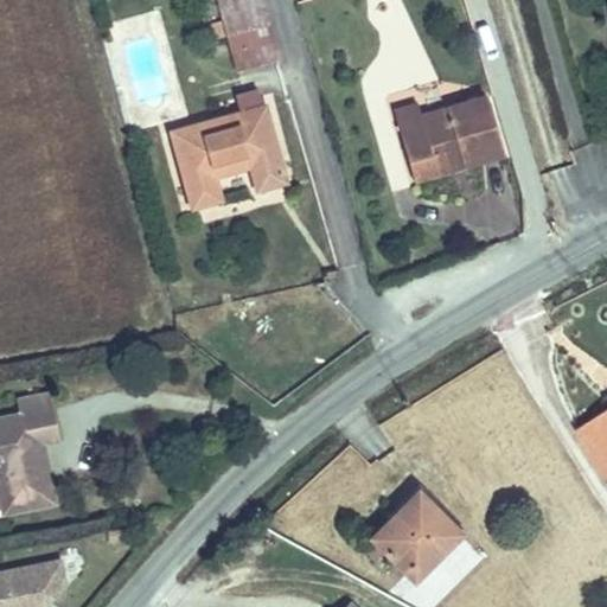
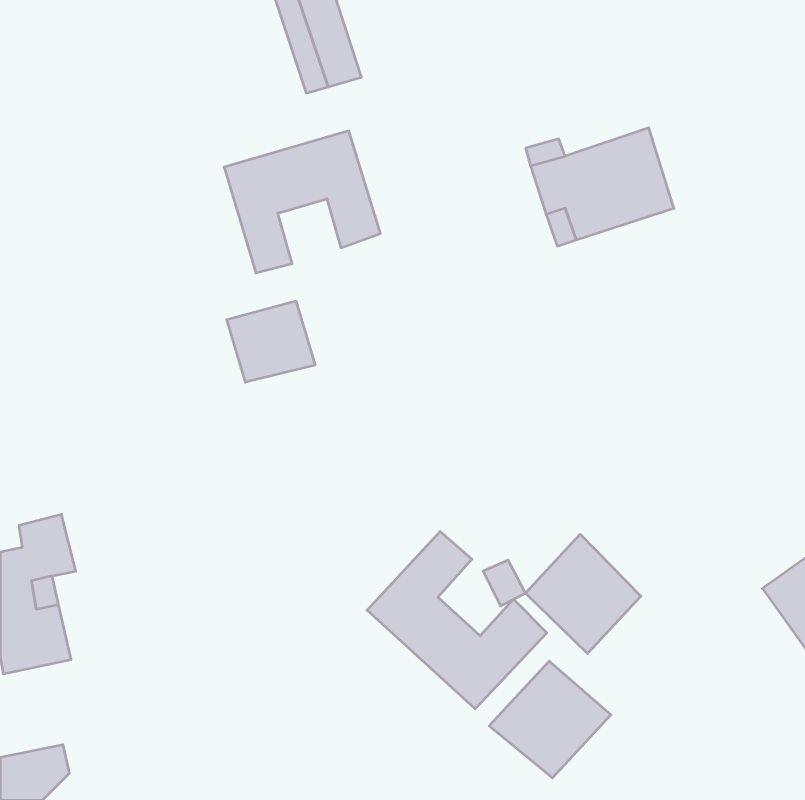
building: none -> [227,301,315,382]
building: none -> [367,531,547,709]
building: none -> [526,534,641,654]

